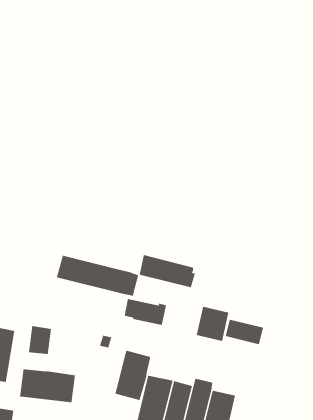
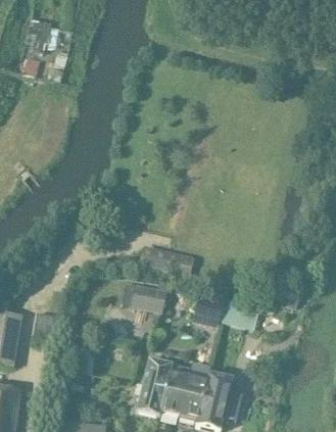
building: [56,255,139,297] -> none
building: [115,350,151,401] -> none
building: [19,369,76,403] -> none

